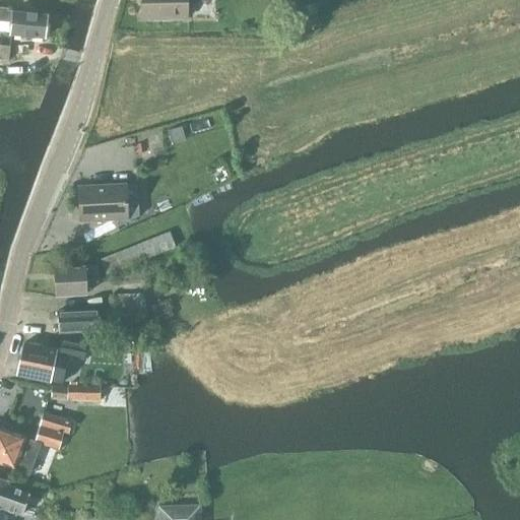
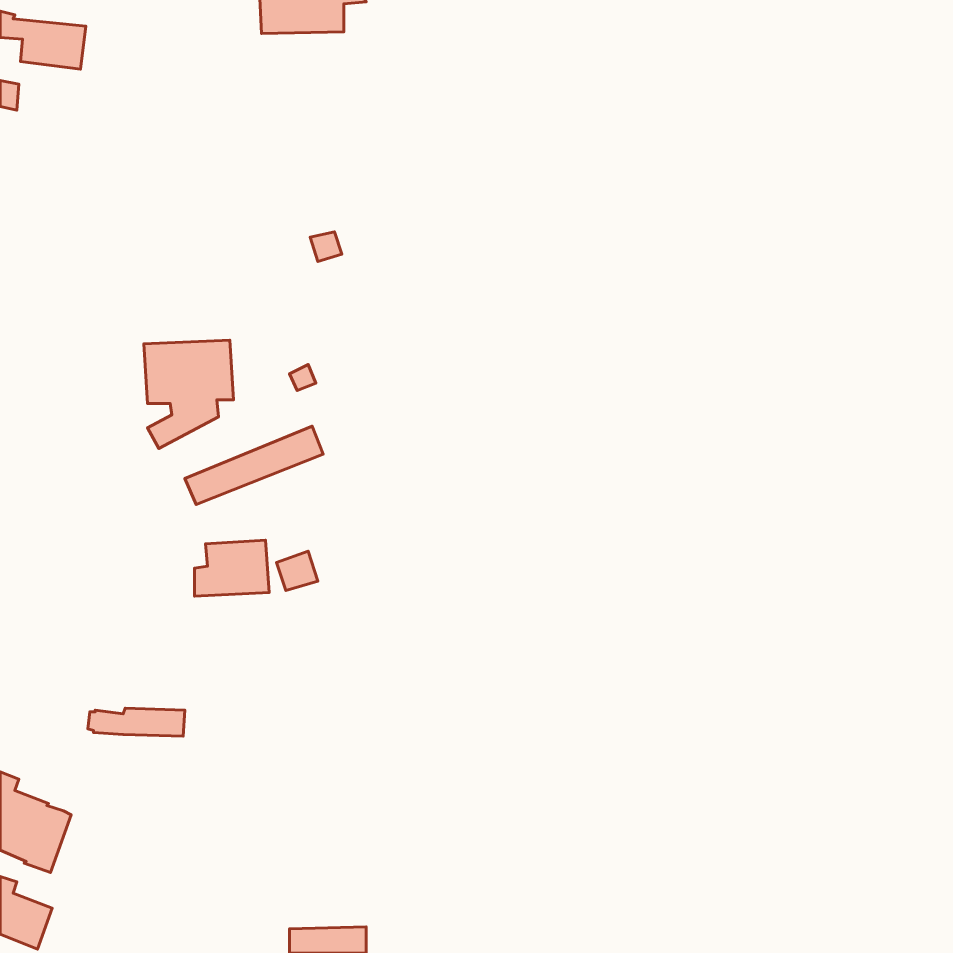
building: [55,266,100,295] -> none
building: [57,310,99,331] -> none
building: [18,334,103,383] -> none
building: [36,412,73,448] -> none

